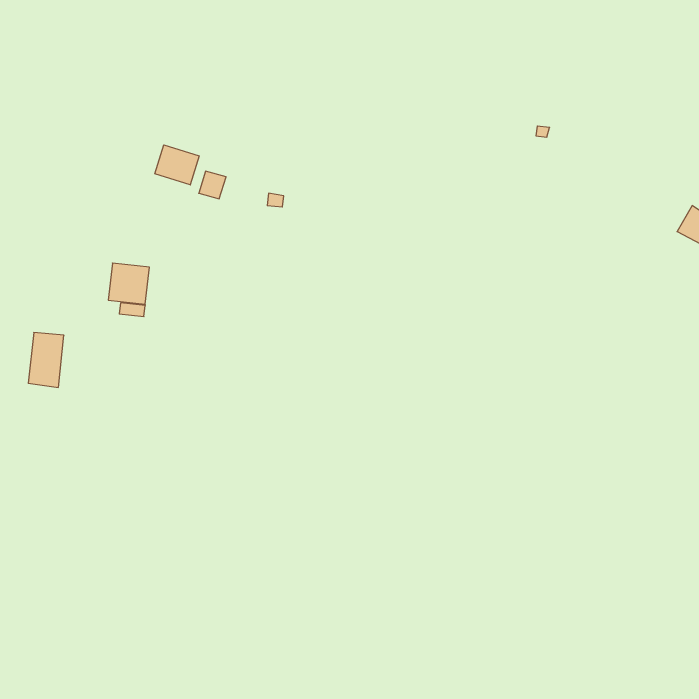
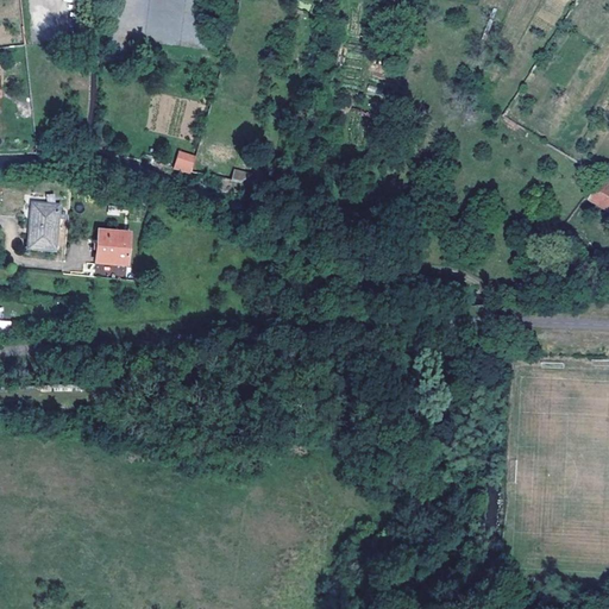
building: [155,145,199,185] -> none
building: [28,333,64,387] -> [29,202,59,250]

